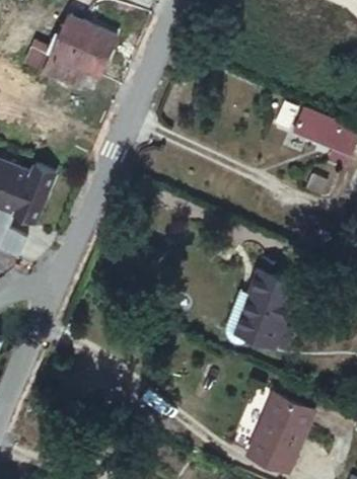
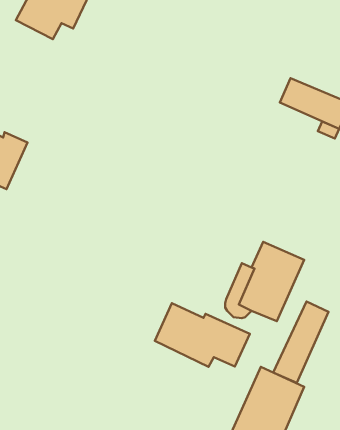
building: none -> [273,302,329,383]
building: none -> [155,303,250,367]

